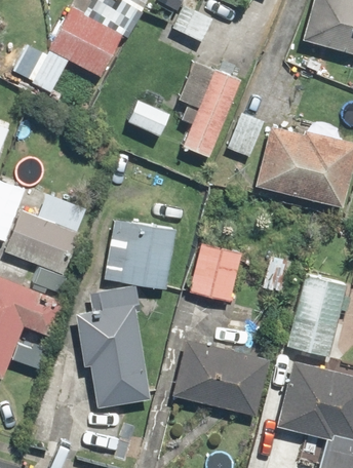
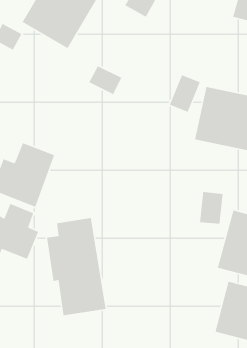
building: [180,70,241,158] -> none
building: [107,219,175,286] -> none
building: [191,243,241,303] -> none
building: [173,342,267,414] -> none

